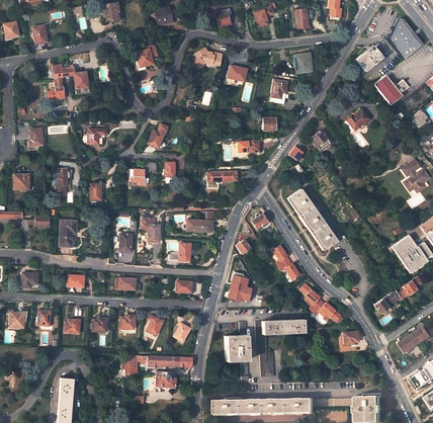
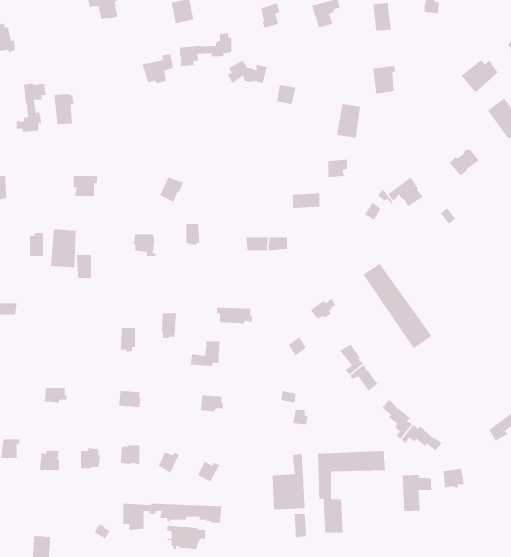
building: none -> [179,32,232,67]
building: [59,220,77,247] -> [50,229,77,268]
building: none -> [402,474,432,512]

